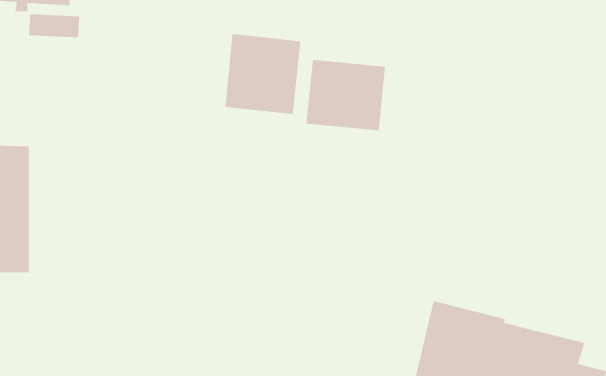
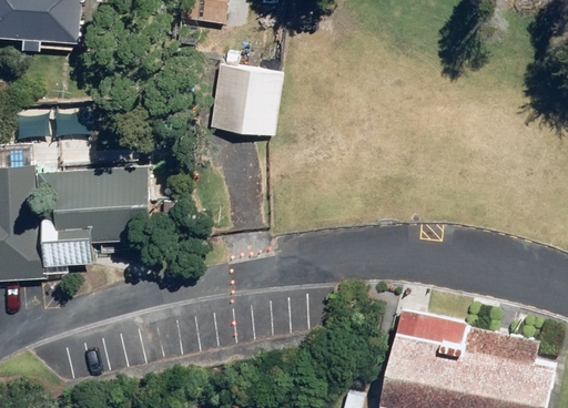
building: [306,59,386,131] -> none
building: none -> [47,171,124,273]

